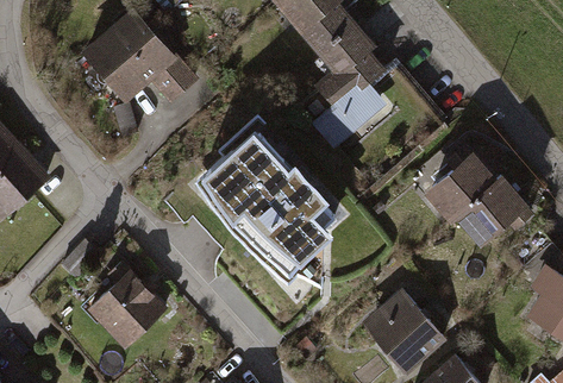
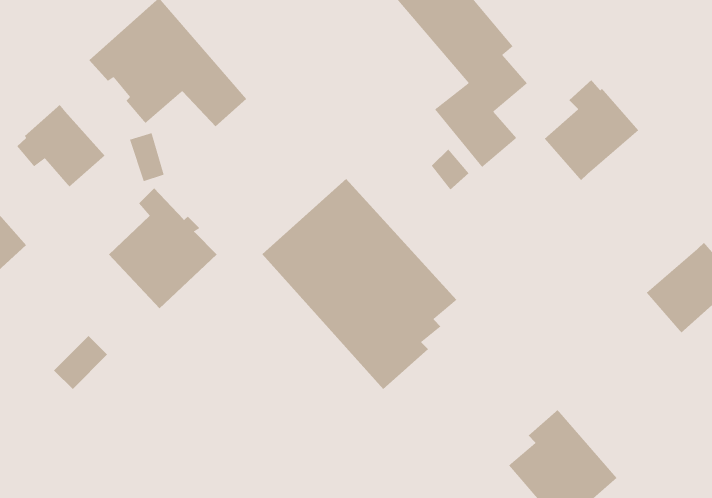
building: none -> [16,104,105,188]
building: [431,147,495,216] -> [544,79,639,181]
building: [89,263,163,345] -> [108,188,218,309]

